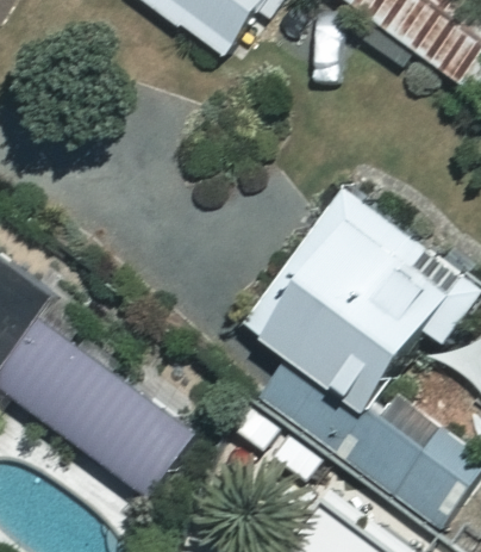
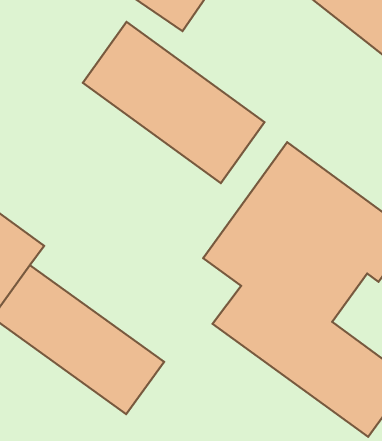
building: none -> [83,22,264,183]

